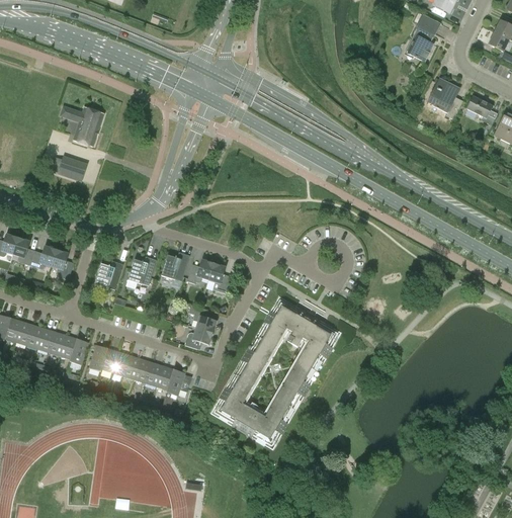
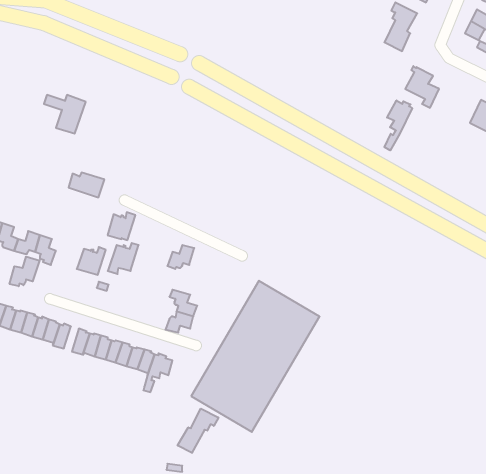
building: [466,95,497,124] -> none
building: none -> [384,100,412,150]
building: [51,156,87,181] -> [69,173,104,197]
building: [161,252,189,280] -> [108,212,135,240]
building: [208,262,230,292] -> none
building: none -> [10,257,40,286]
building: none -> [178,409,218,453]

